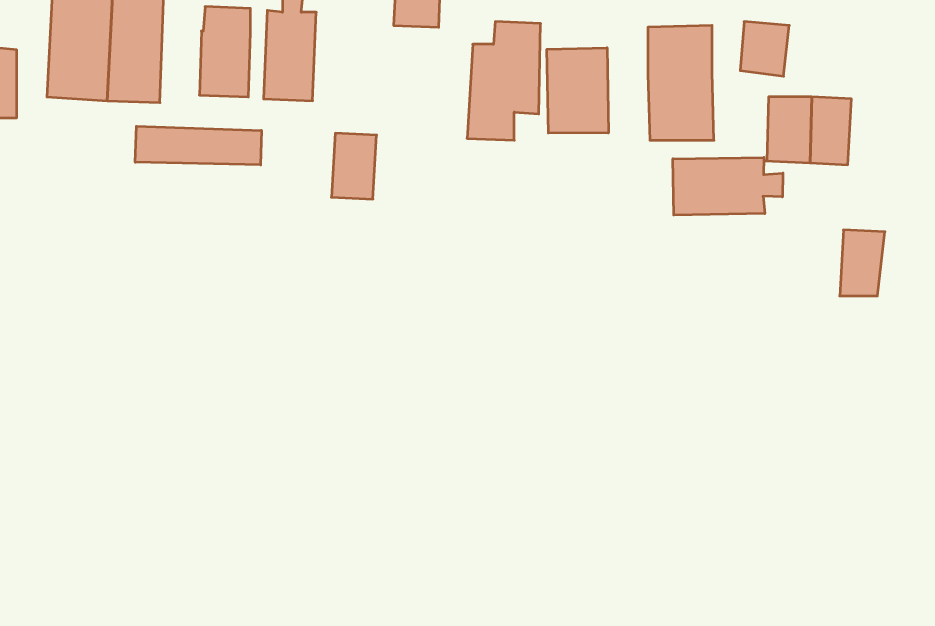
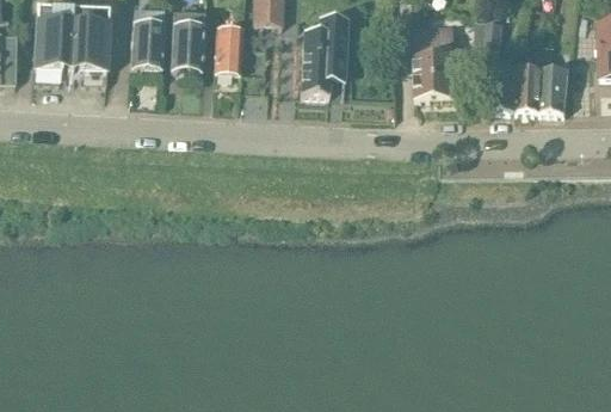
building: [547,48,608,133] -> none
building: [135,126,261,165] -> none
building: [331,133,377,199] -> [215,29,243,70]
building: [673,157,783,215] -> none
building: [840,230,885,296] -> [542,68,570,110]

